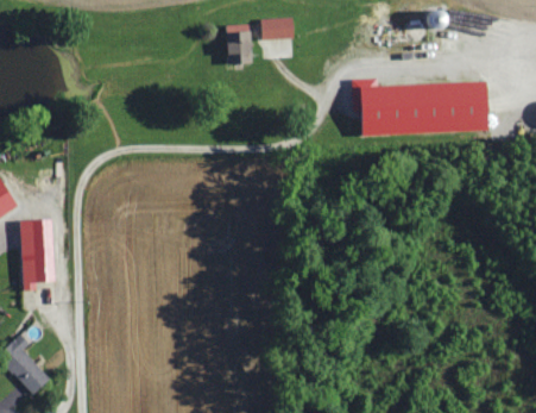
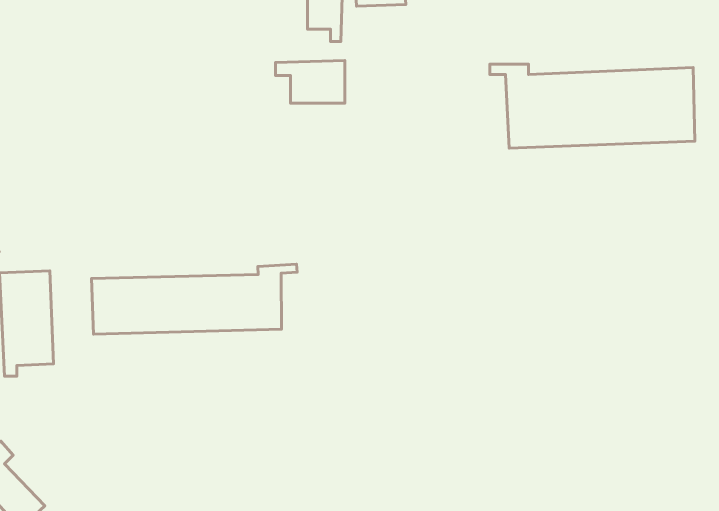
building: none -> [275,60,345,103]
building: none -> [92,264,297,334]

